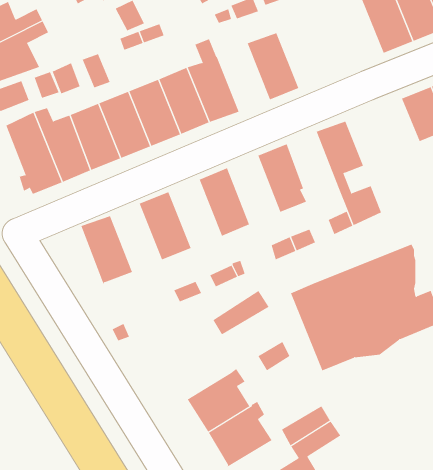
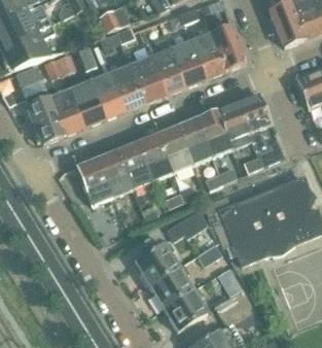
building: none -> [211,24,246,70]
building: none -> [170,39,206,86]
building: none -> [218,100,253,143]
building: none -> [177,116,213,164]
building: none -> [137,133,173,180]
building: none -> [97,149,132,197]
building: none -> [134,240,179,284]

